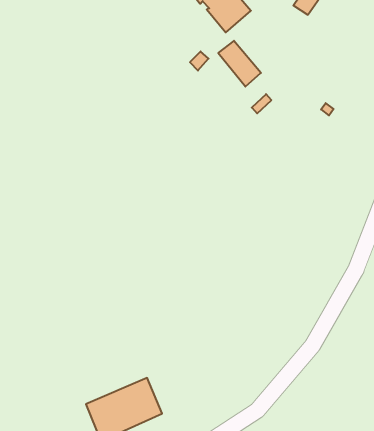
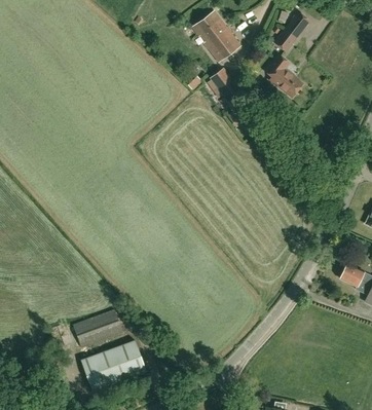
building: none -> [266,54,302,98]
building: none -> [73,309,123,348]

